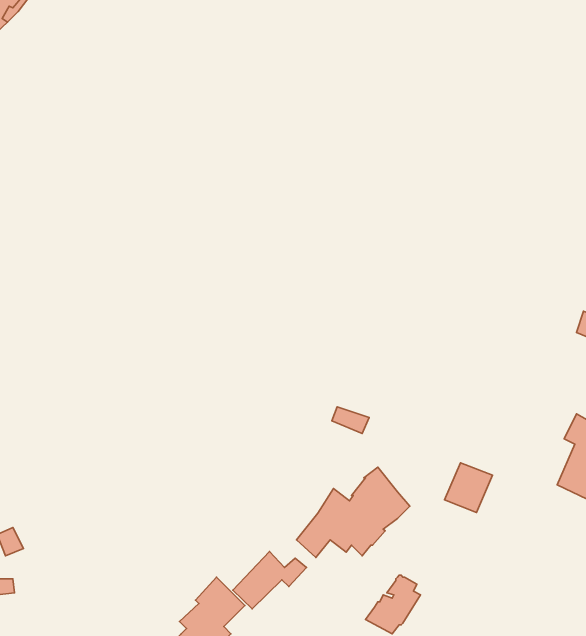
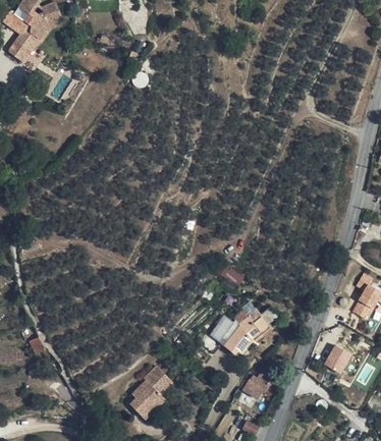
building: [445,463,492,512] -> [323,344,350,373]
building: [233,552,306,609] -> none

